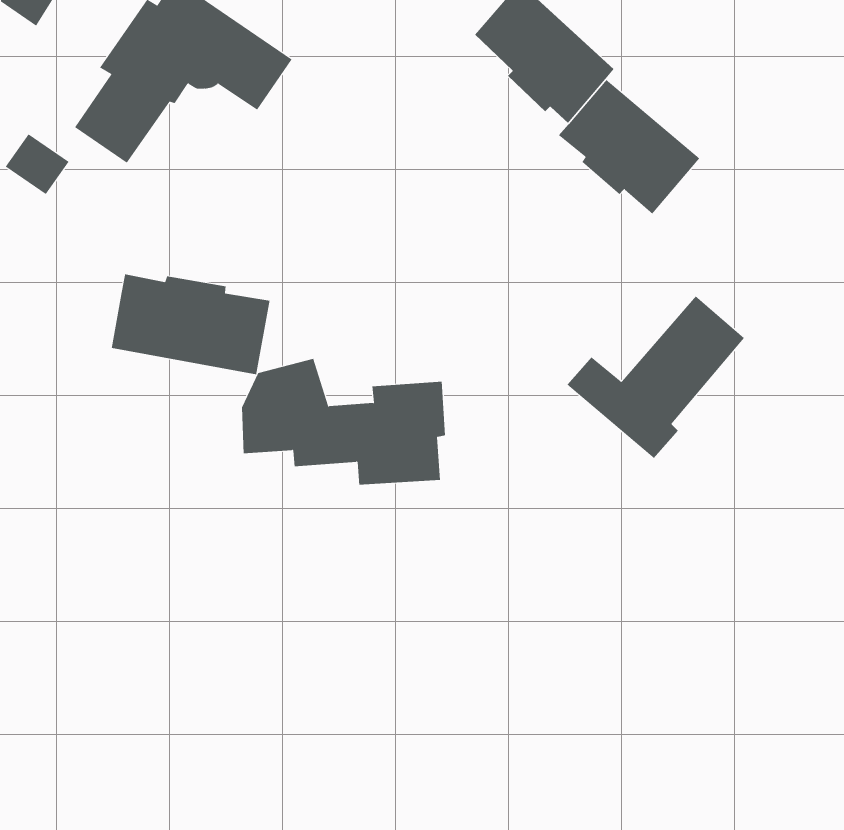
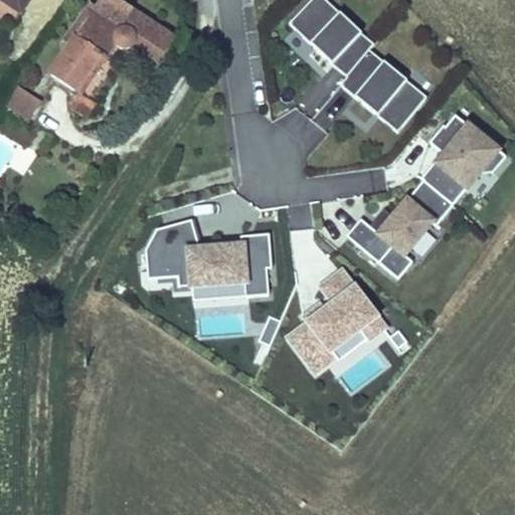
building: none -> [420,112,507,206]
building: [111,273,270,375] -> none
building: none -> [282,260,386,372]

